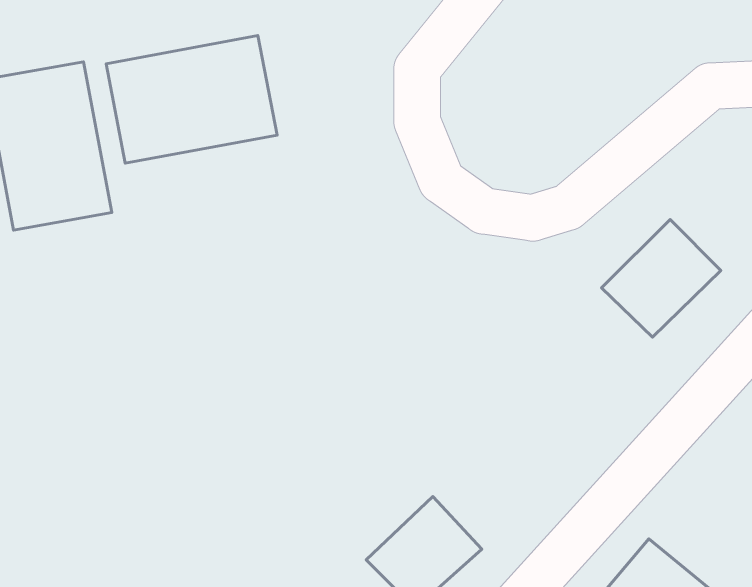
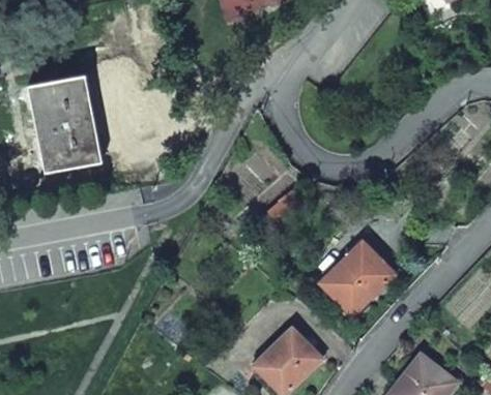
building: [106,36,277,163] -> none
building: [602,220,721,337] -> [322,245,393,314]

